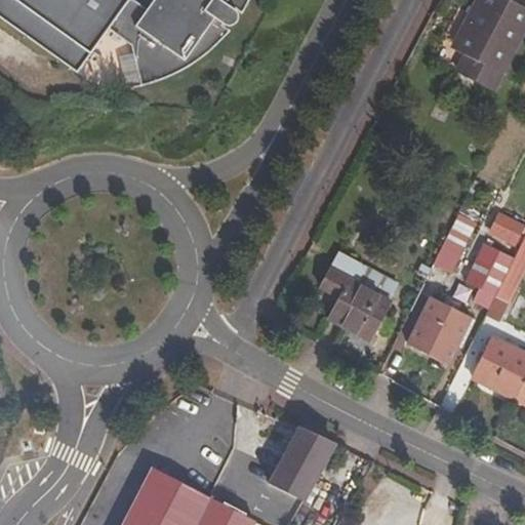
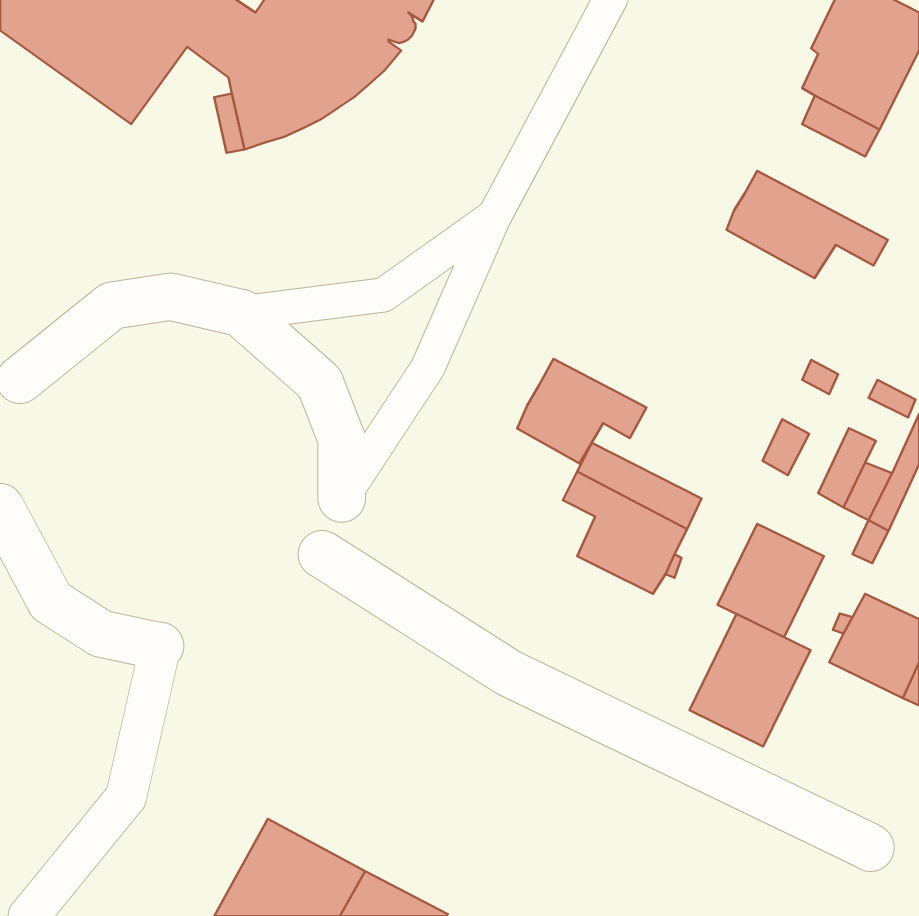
building: none -> [726,171,888,278]
building: none -> [517,359,646,463]
building: none -> [689,614,810,747]
building: [269,428,333,498] -> none

